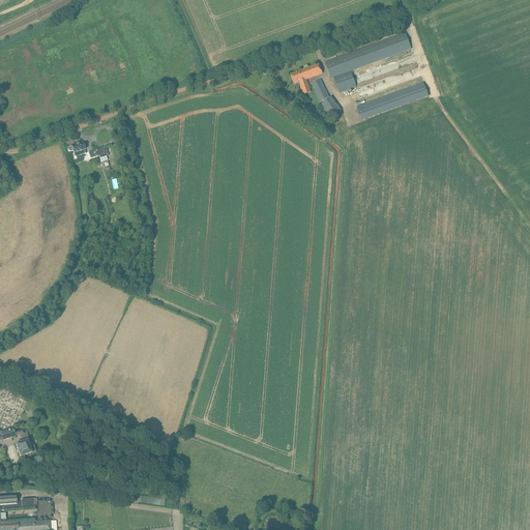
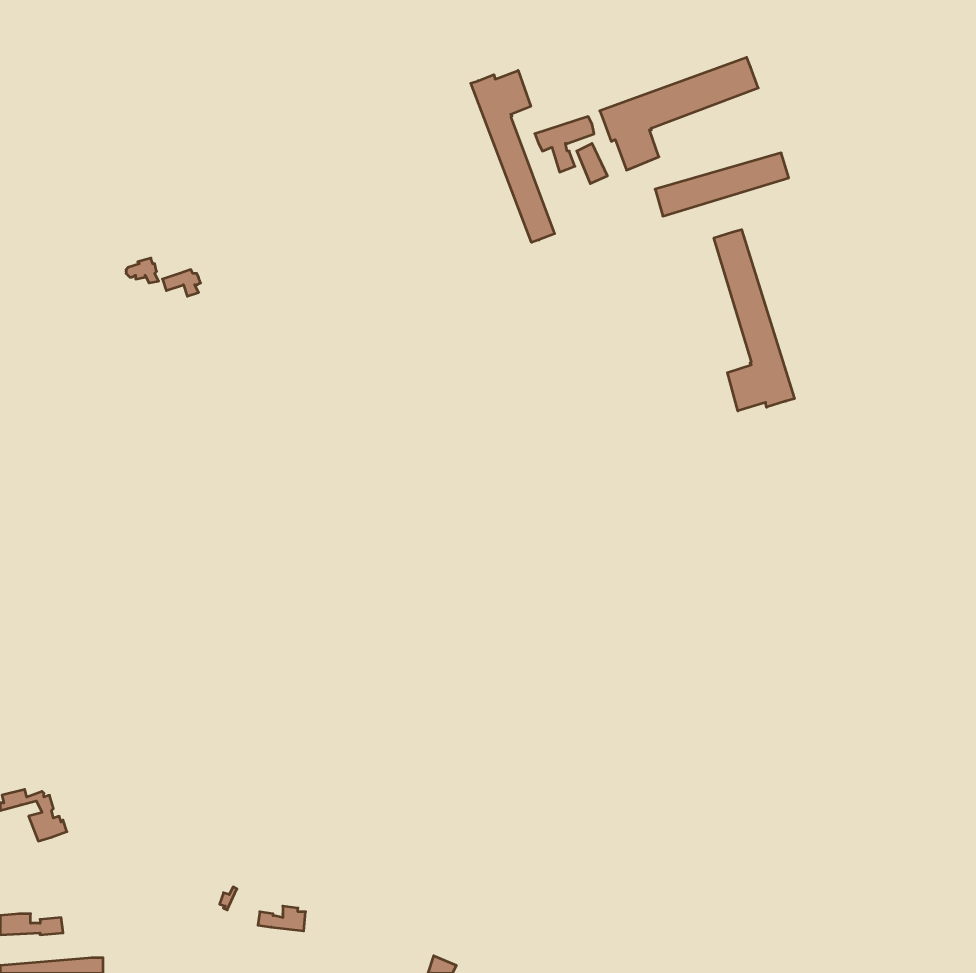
building: none -> [471,70,555,242]
building: none -> [714,230,794,411]

